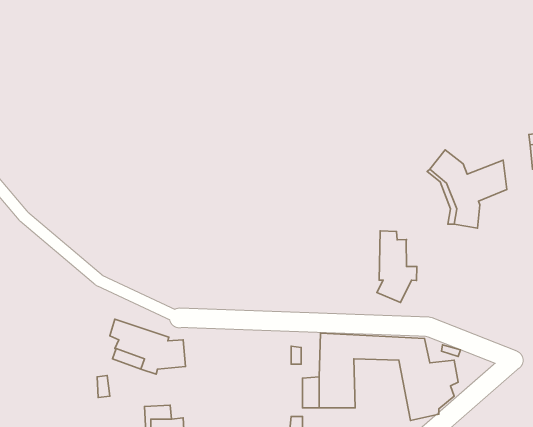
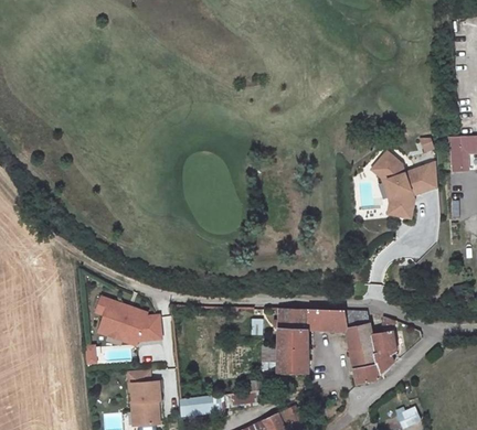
building: [377,231,417,302] -> none

